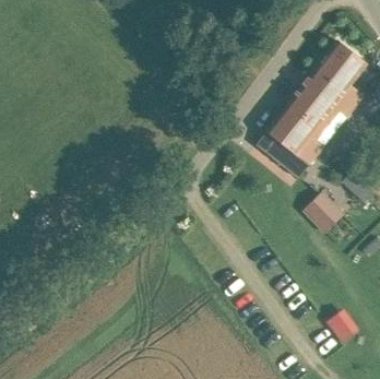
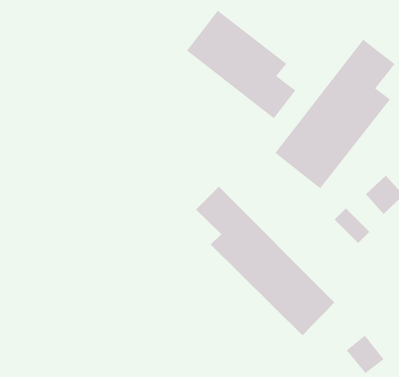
building: none -> [186,10,296,119]
building: none -> [195,186,335,336]

